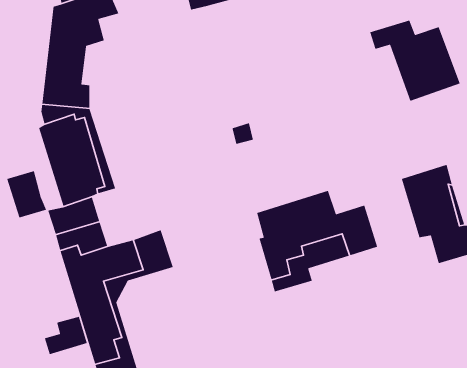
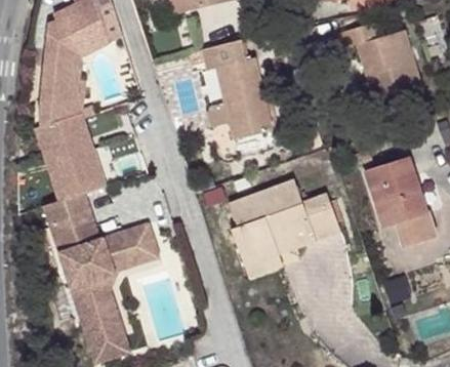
building: none -> [75,21,119,107]
building: none -> [198,41,274,141]
building: [6,170,47,219] -> none
building: [44,316,88,355] -> none

